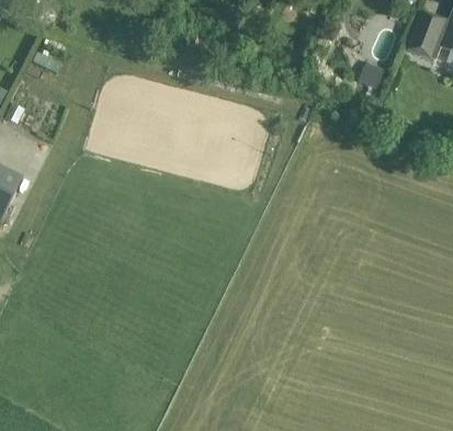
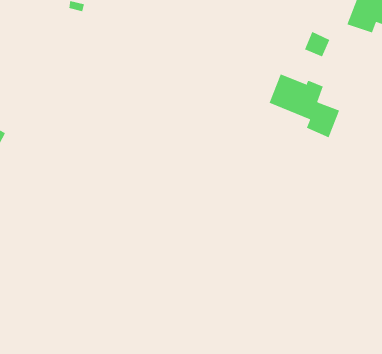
building: none -> [269,73,340,138]

